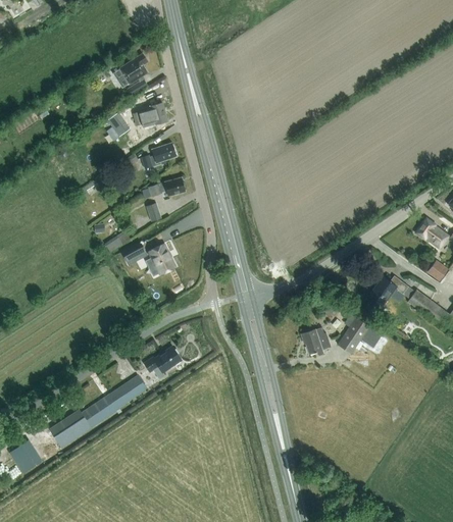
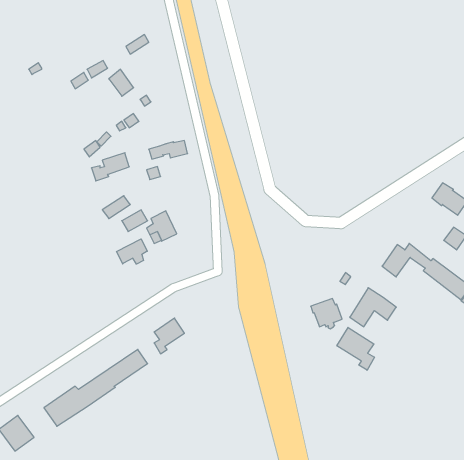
building: [120,53,148,84] -> none
building: [133,103,167,125] -> none
building: [141,143,177,169] -> [91,153,129,181]
building: none -> [117,239,147,264]
building: none -> [337,327,374,370]

